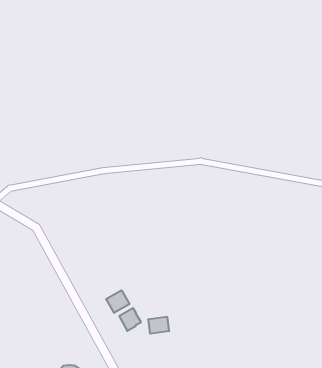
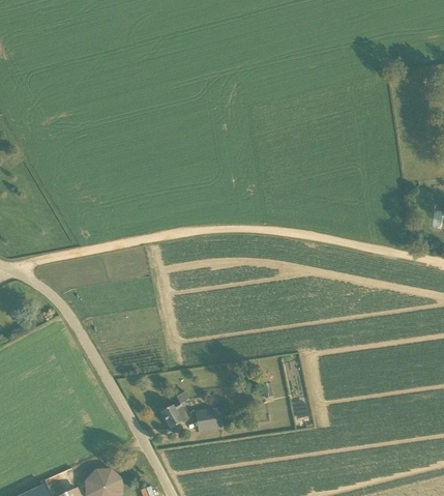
building: [106,290,129,313] -> none

